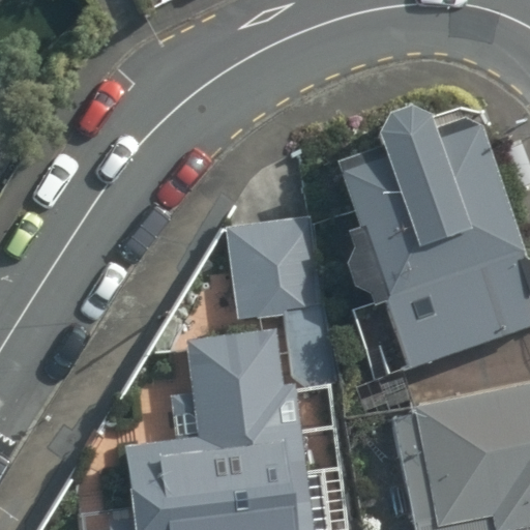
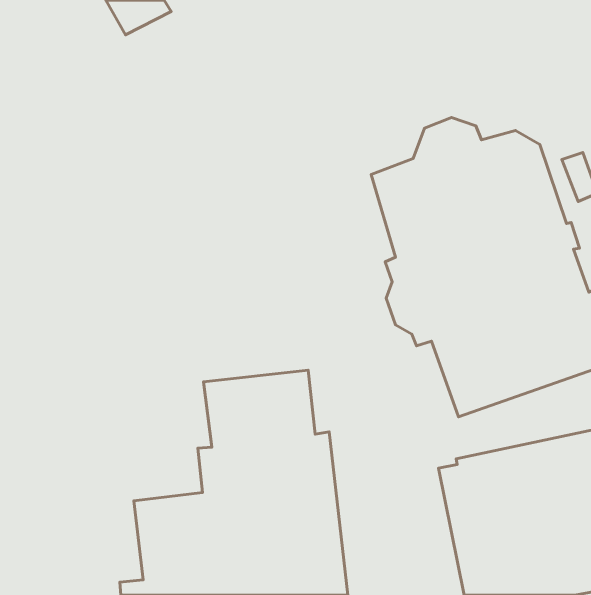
building: [228,222,340,384] -> none

